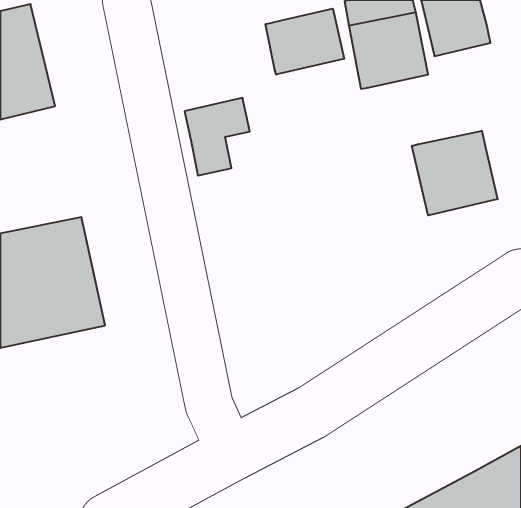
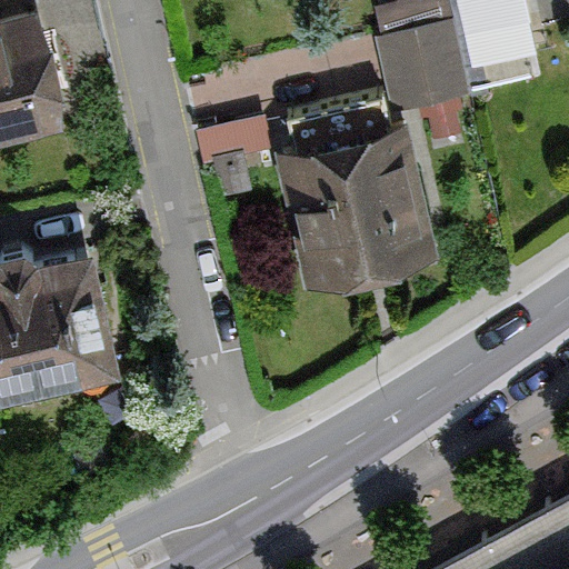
building: [266,9,344,75] -> none
building: none -> [280,103,433,284]
building: [412,131,498,215] -> none

